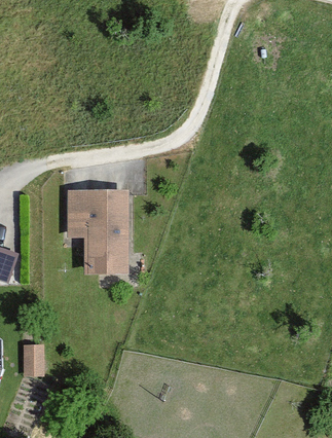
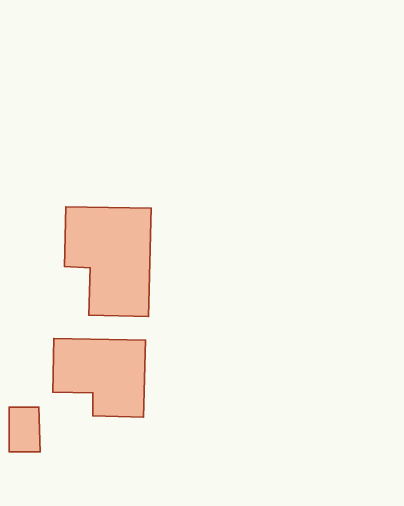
building: none -> [53,338,146,417]

